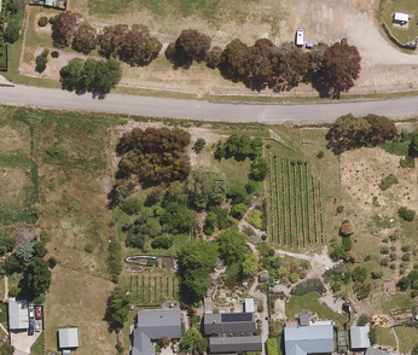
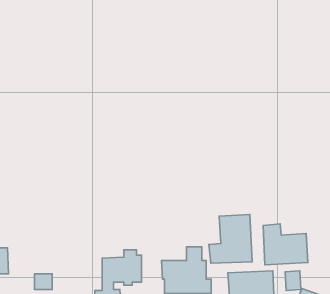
building: none -> [209,215,252,263]
building: none -> [263,224,308,265]

